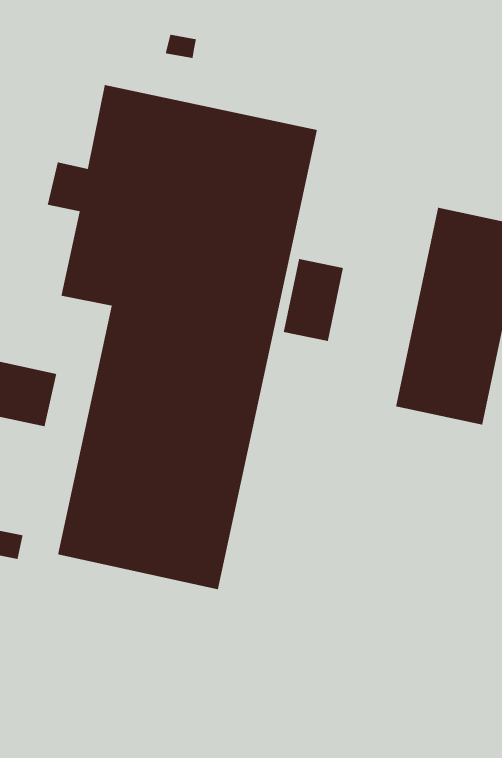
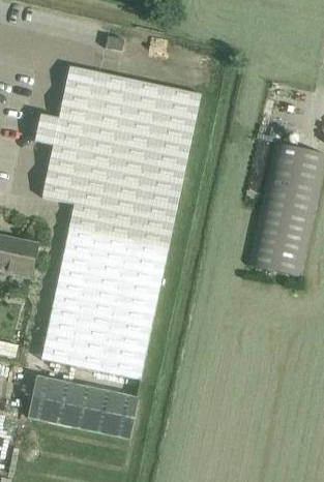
building: [283,258,344,342] -> none
building: none -> [29,375,140,439]

